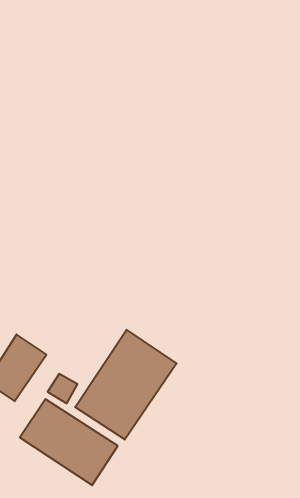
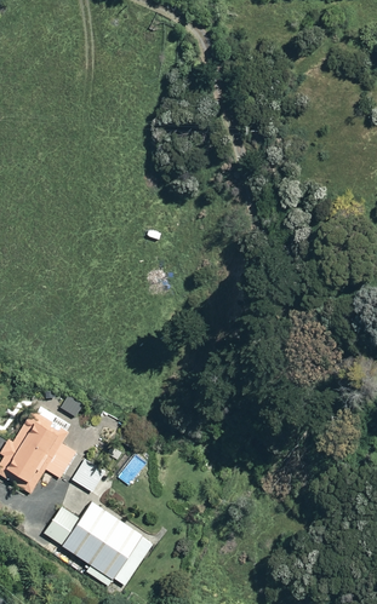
building: [75,330,177,440] -> none

